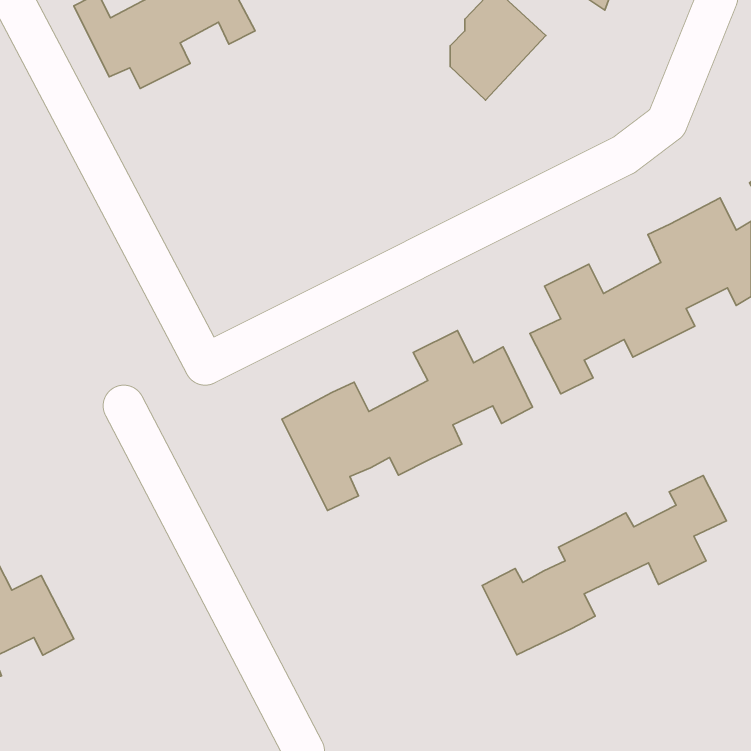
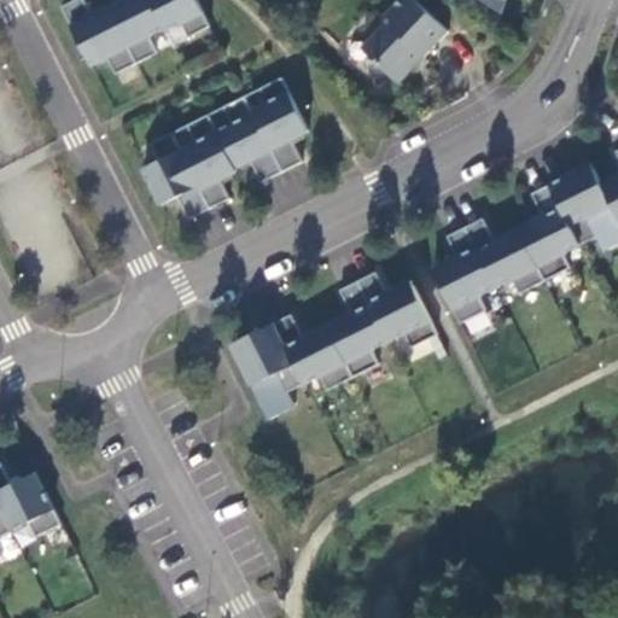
building: none -> [141,76,307,217]
building: [482,475,727,655] -> none

